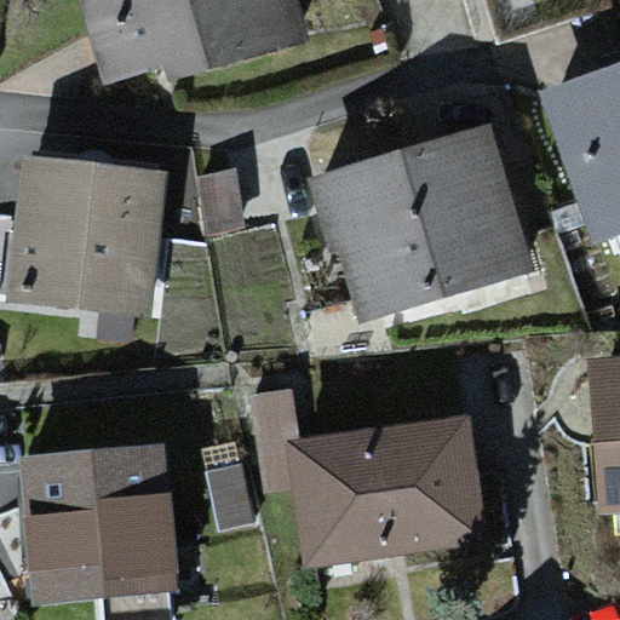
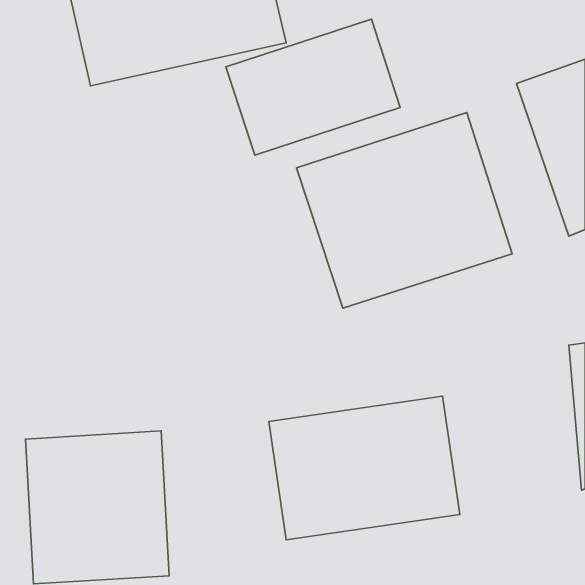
building: none -> [226,19,400,155]
building: [5,160,170,317] -> none

